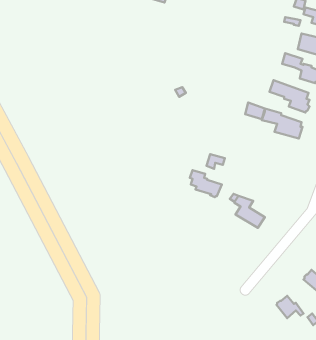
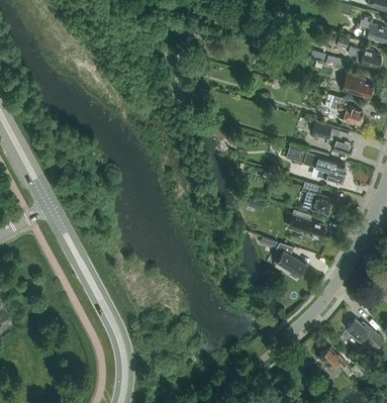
building: none -> [302,182,332,214]
building: [190,170,222,197] -> [291,211,324,239]

